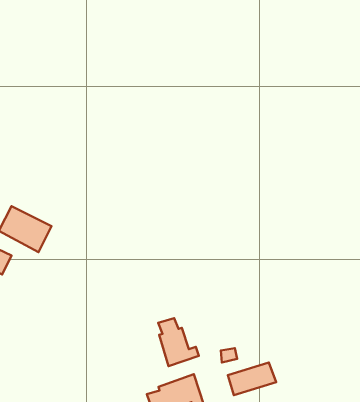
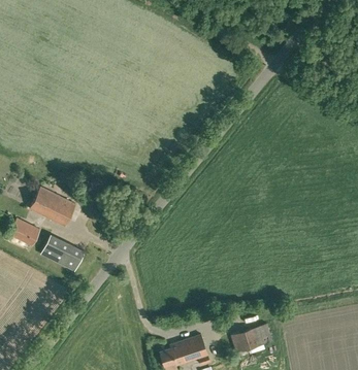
building: none -> [41,235,85,271]
building: [158,318,199,366] -> none

